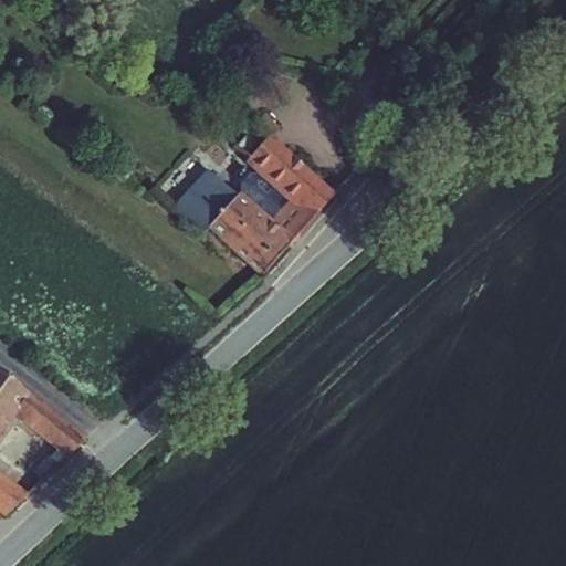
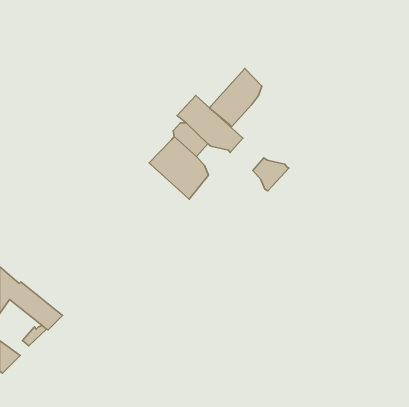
building: none -> [210,69,262,127]
building: [172,165,237,230] -> none
building: [271,198,321,243] -> [253,158,289,191]

